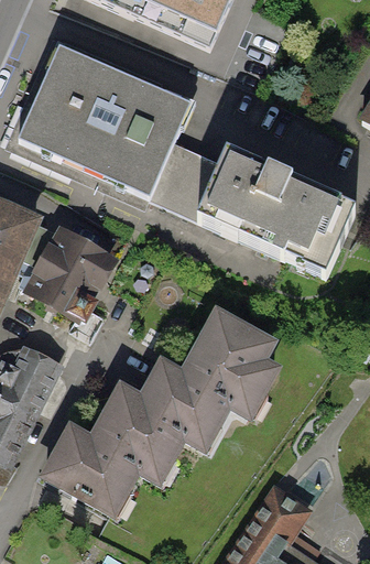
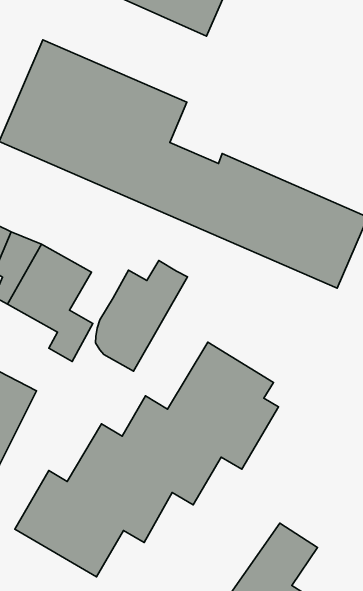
building: none -> [96,260,187,371]

